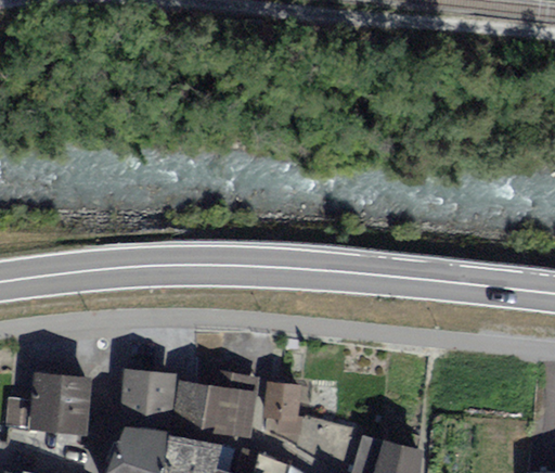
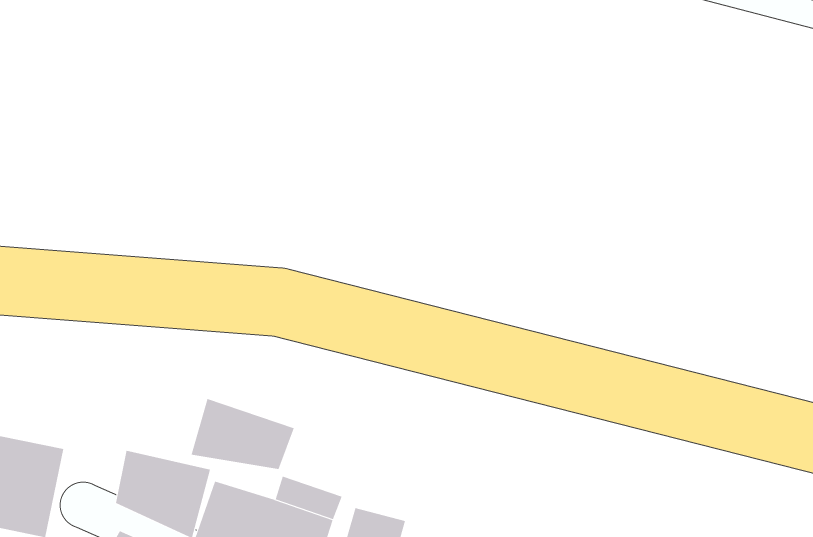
building: none -> [191,398,295,470]

